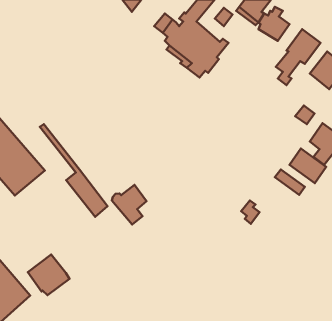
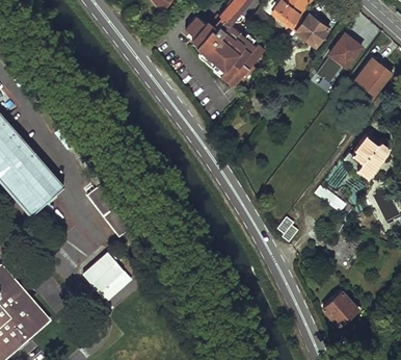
building: [290,149,326,183] -> none
building: [112,185,147,224] -> none
building: [28,255,70,295] -> [82,252,127,295]
building: none -> [322,292,357,329]

